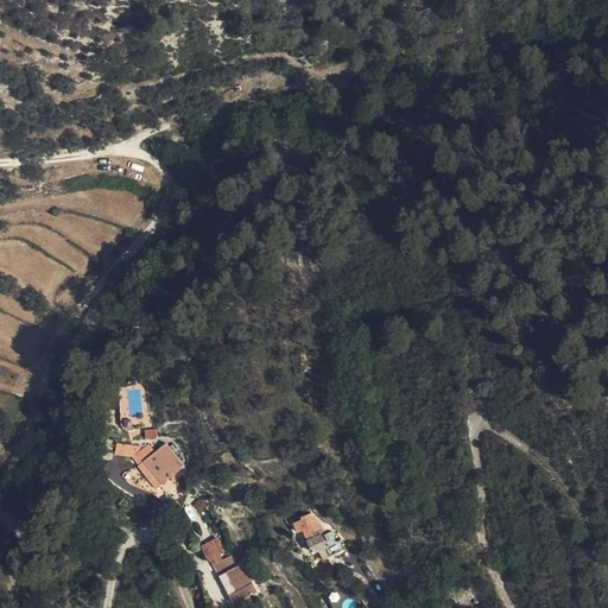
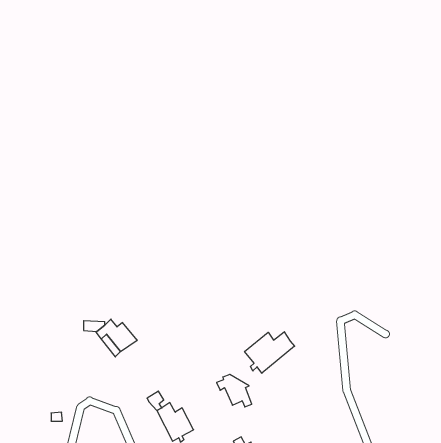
building: none -> [245,332,295,373]

